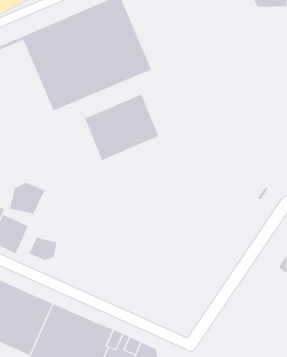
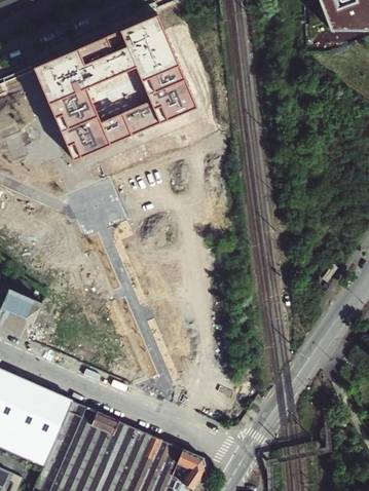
building: [84,94,159,161] -> none
building: [9,182,45,215] -> none
building: [29,237,57,261] -> none

